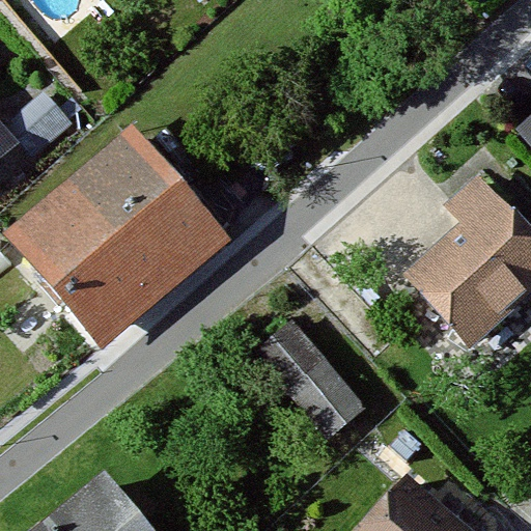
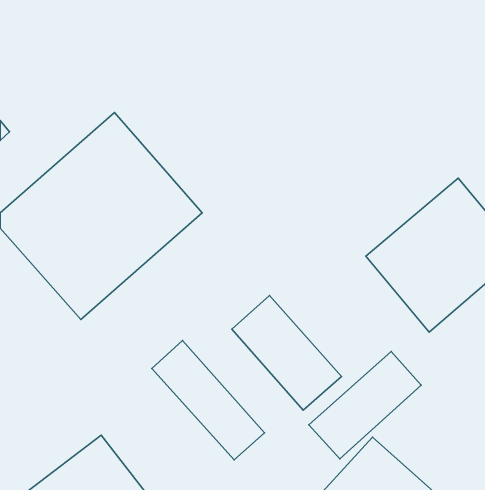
building: none -> [152,341,265,460]
building: none -> [309,351,421,459]

